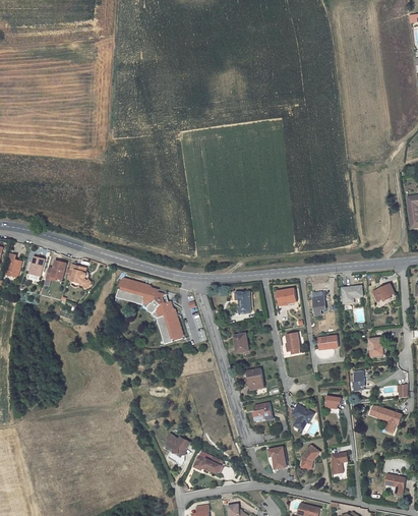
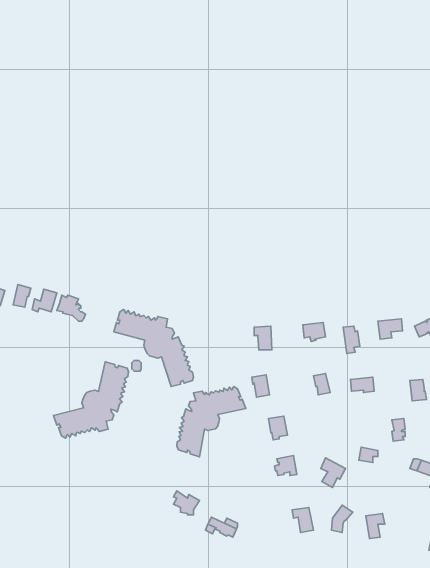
building: none -> [54,362,129,438]
building: none -> [177,386,246,457]

